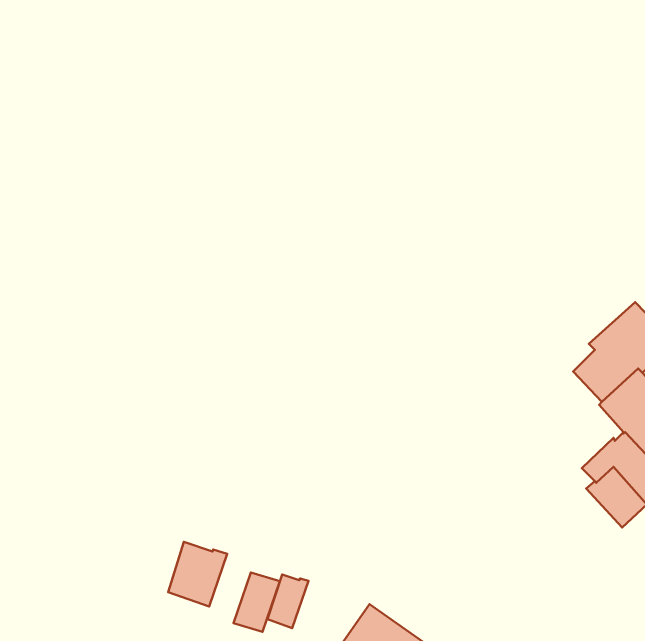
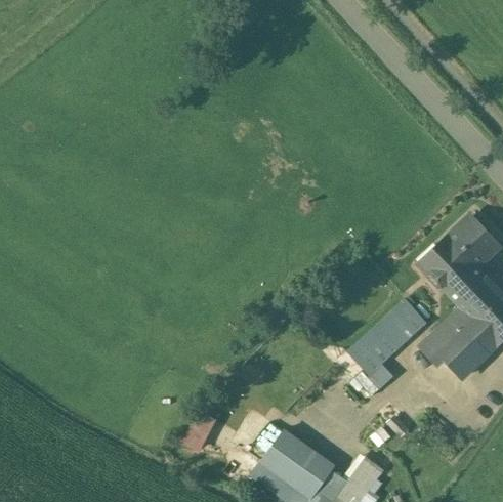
building: none -> [346,298,426,388]
building: [168,542,227,606] -> none
building: [268,574,308,628] -> none

